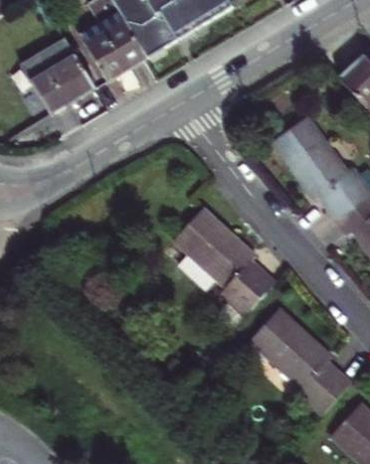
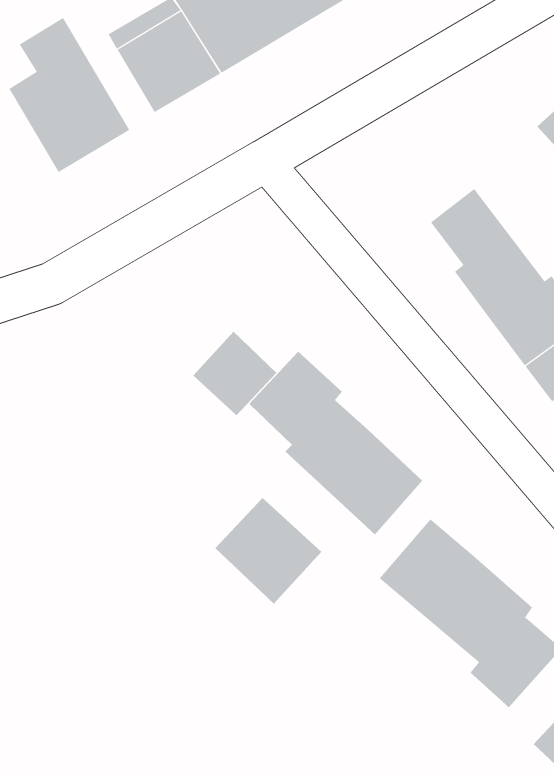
building: none -> [192,331,277,416]
building: none -> [214,497,322,605]

